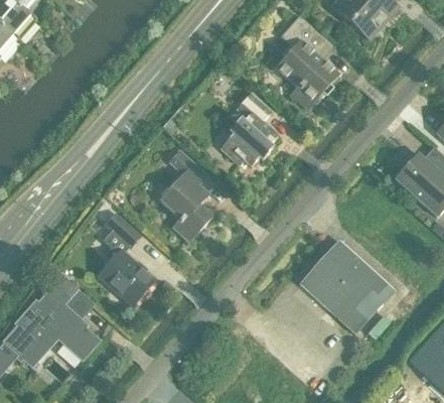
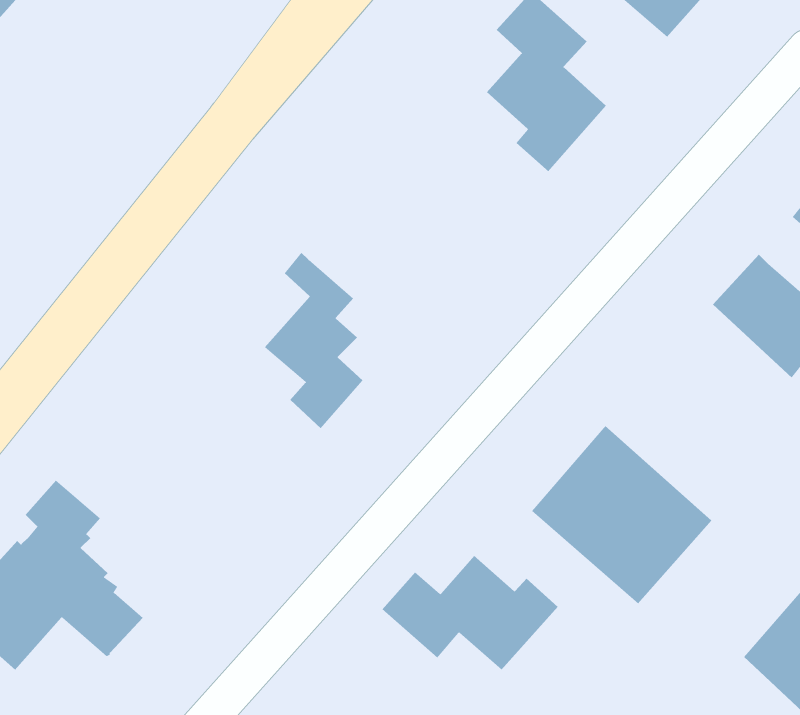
building: [223,93,280,166] -> none
building: [102,214,157,304] -> none
building: none -> [382,555,558,670]

